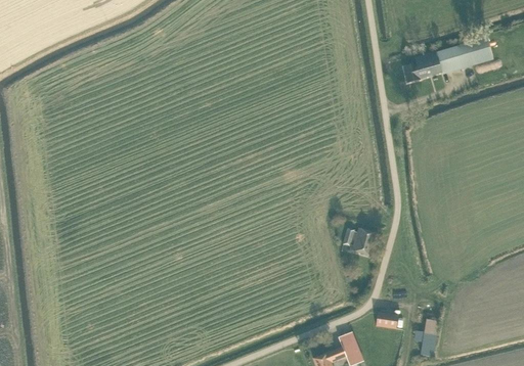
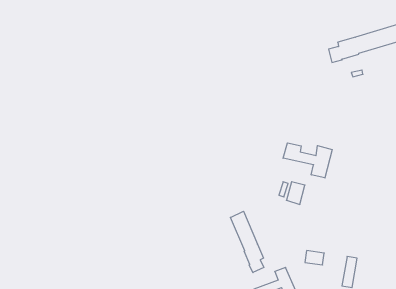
building: none -> [283,143,332,178]
building: none -> [230,211,264,273]

